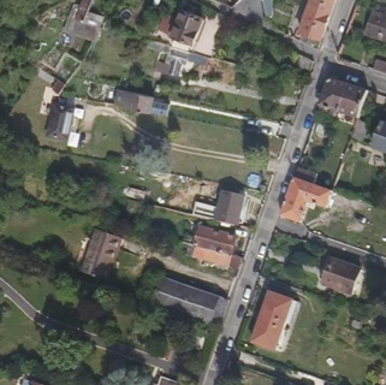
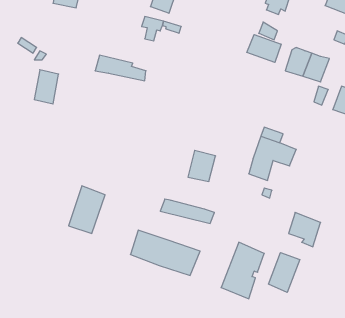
building: none -> [247,35,281,62]
building: [195,226,237,254] -> none
building: none -> [269,253,300,292]

